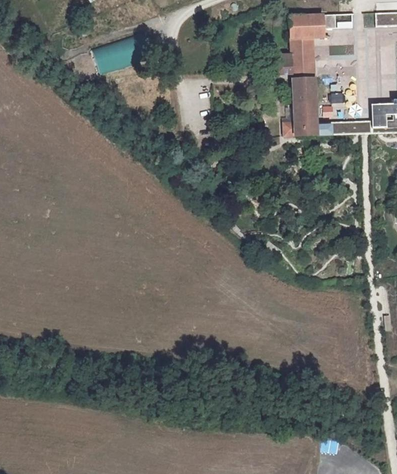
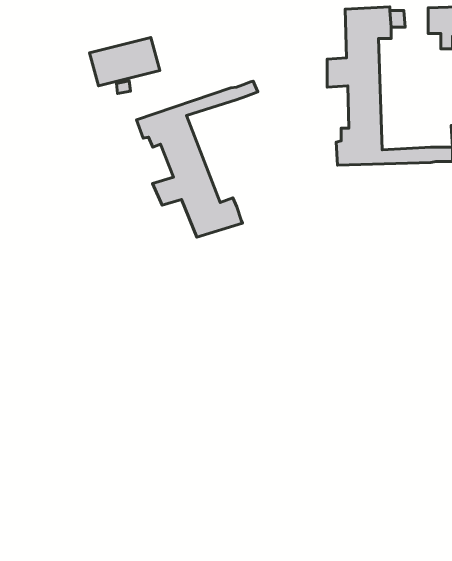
building: none -> [137,81,258,237]

